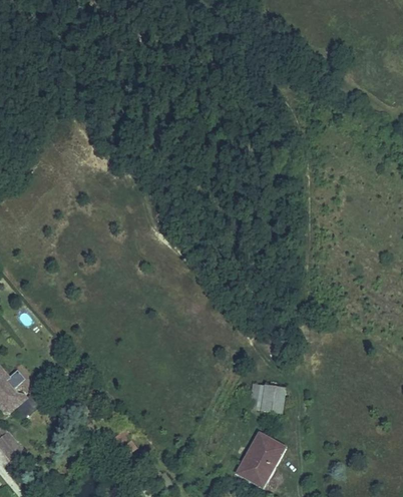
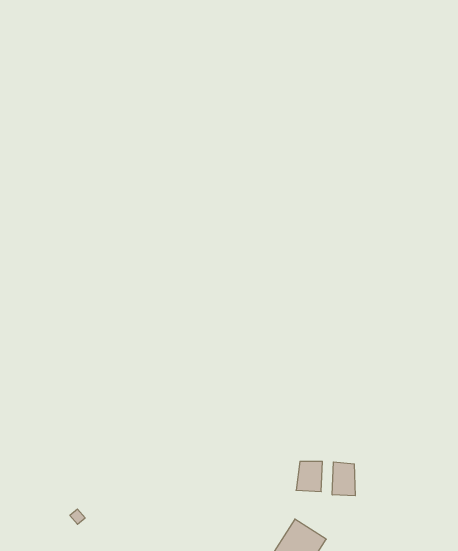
building: none -> [332,462,355,496]

